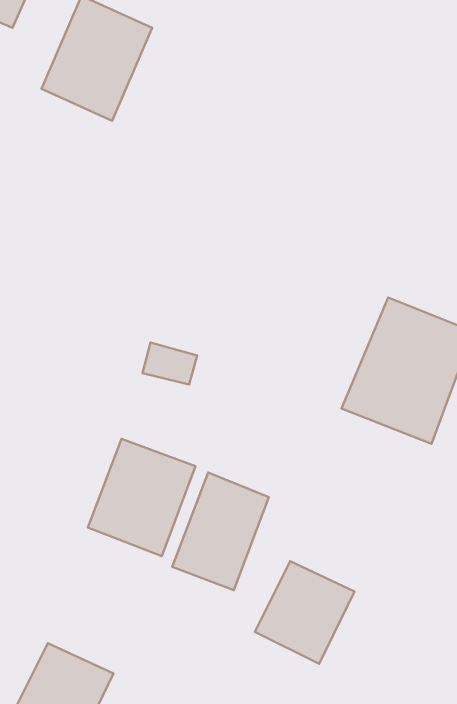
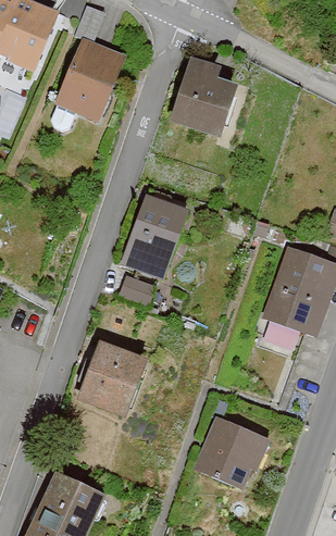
building: none -> [166,58,234,140]
building: none -> [115,195,185,282]
building: [172,472,269,590] -> none

